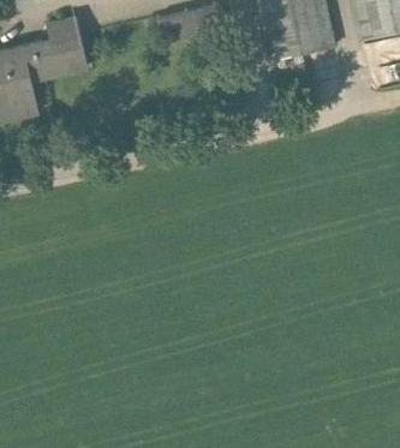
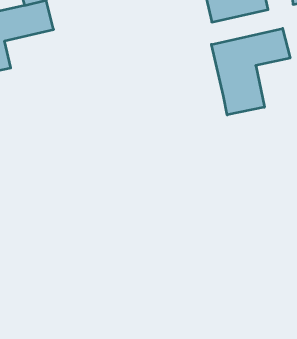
building: none -> [211,28,290,115]

